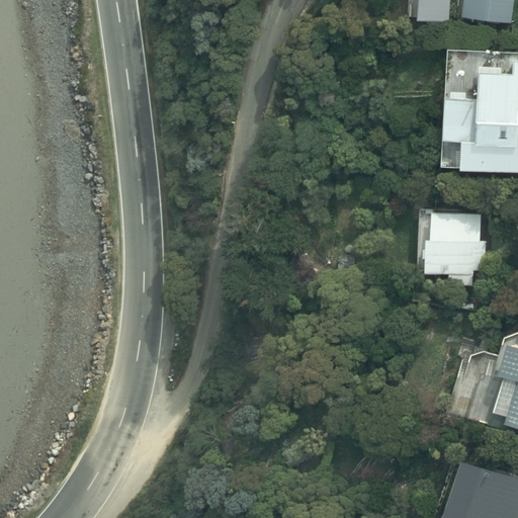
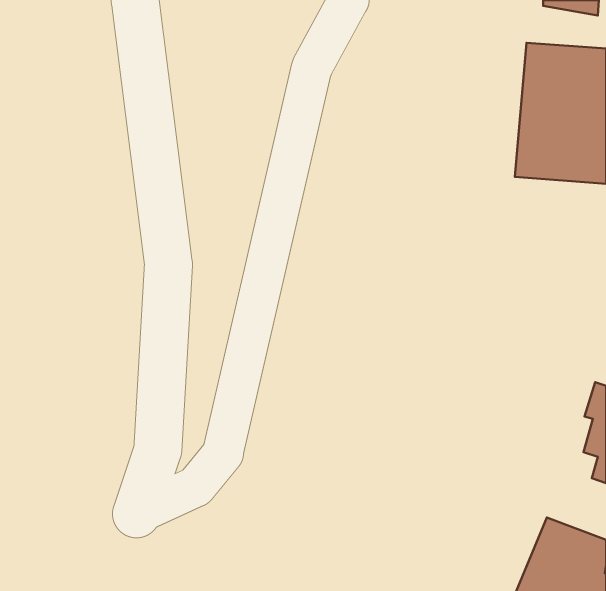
building: [419,213,487,292] -> none

